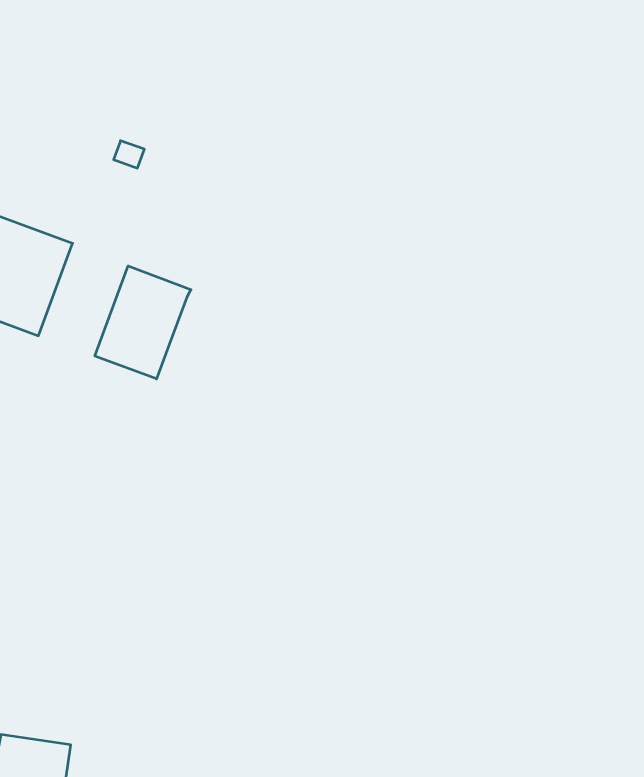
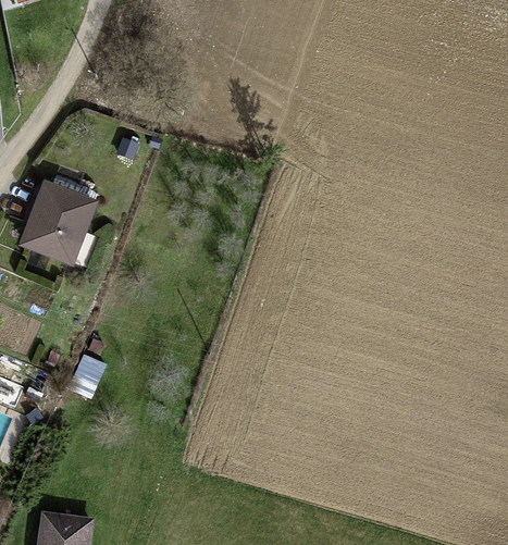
building: [95,266,191,379] -> none

